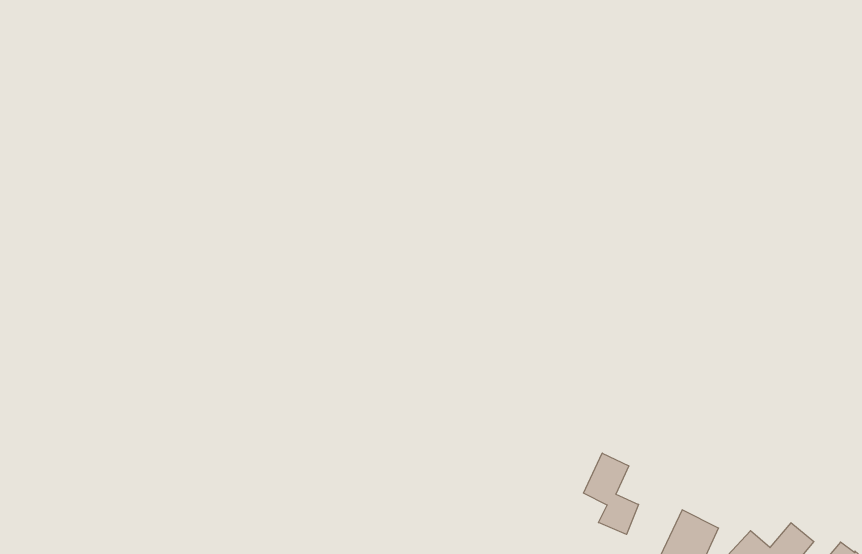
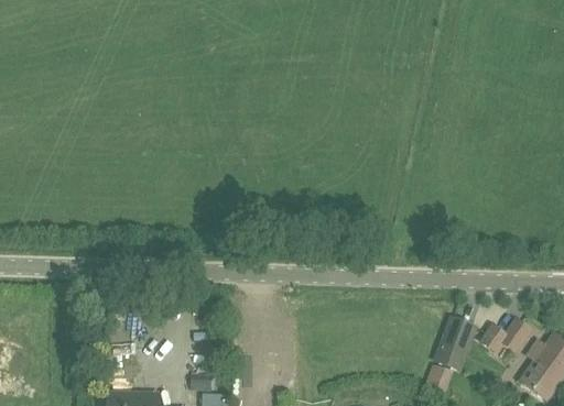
building: [583,453,639,534] -> none

